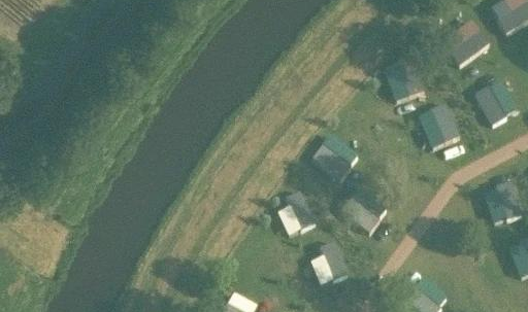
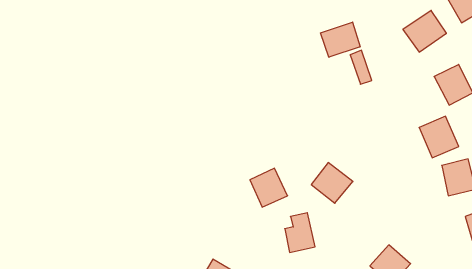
building: none -> [321,22,360,57]
building: [417,104,460,149] -> [419,116,459,158]
building: [311,133,359,180] -> none

